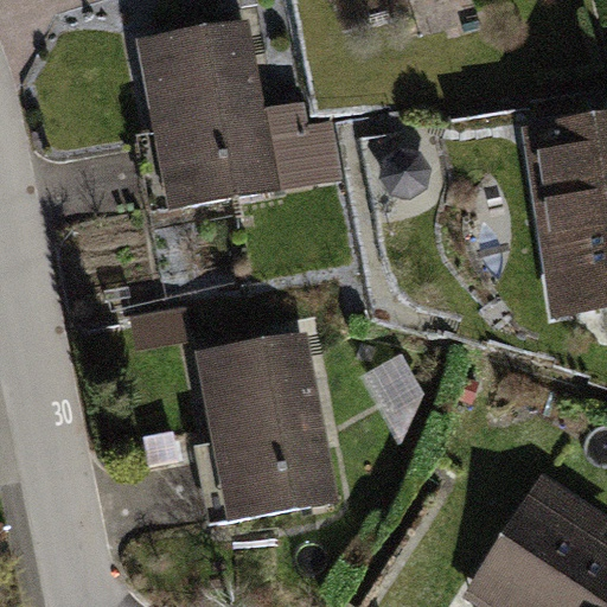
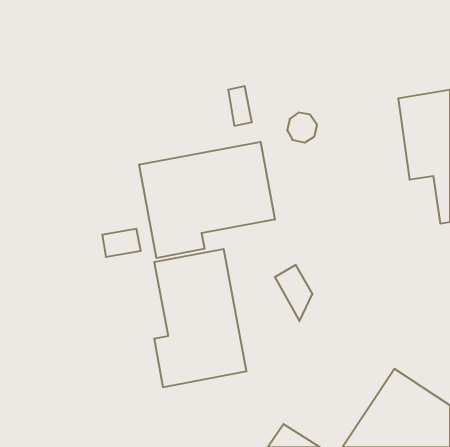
building: [147,25,274,209] -> none
building: none -> [139,142,275,258]

